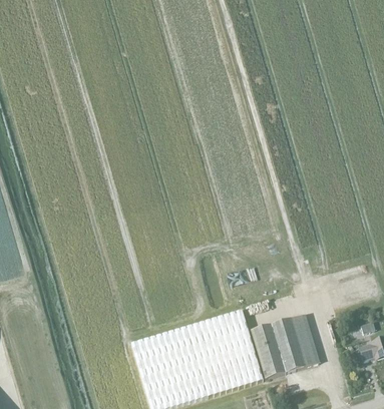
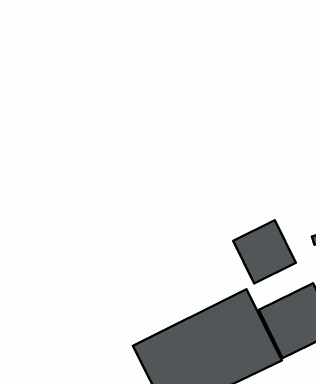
building: none -> [233,220,296,283]

